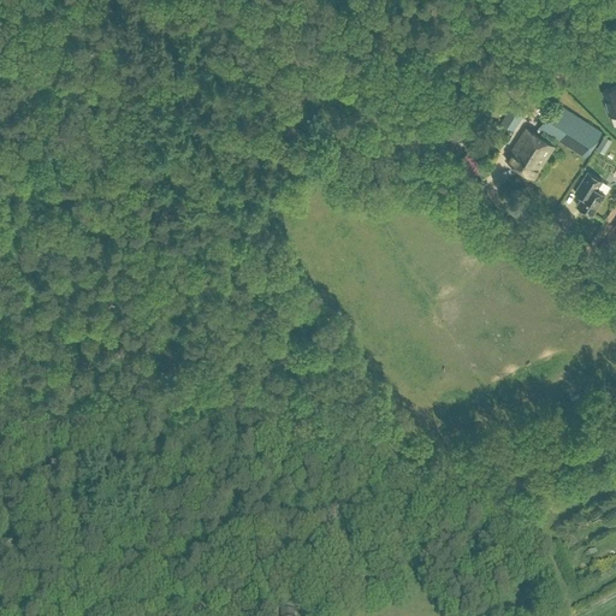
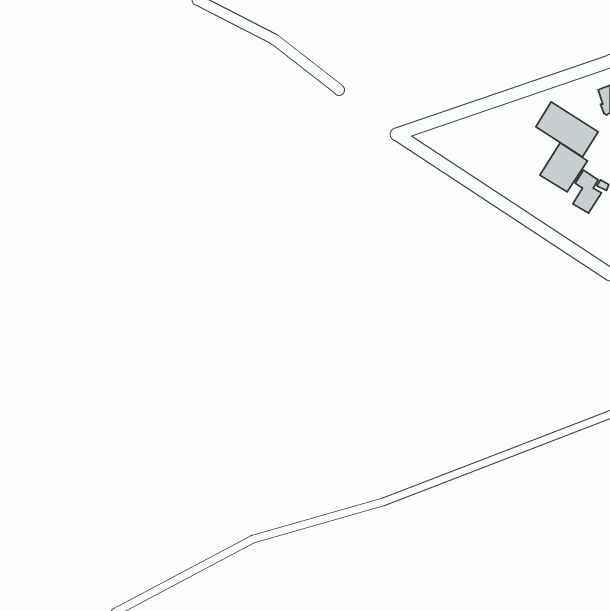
building: [504,128,552,177] -> [540,143,588,192]

